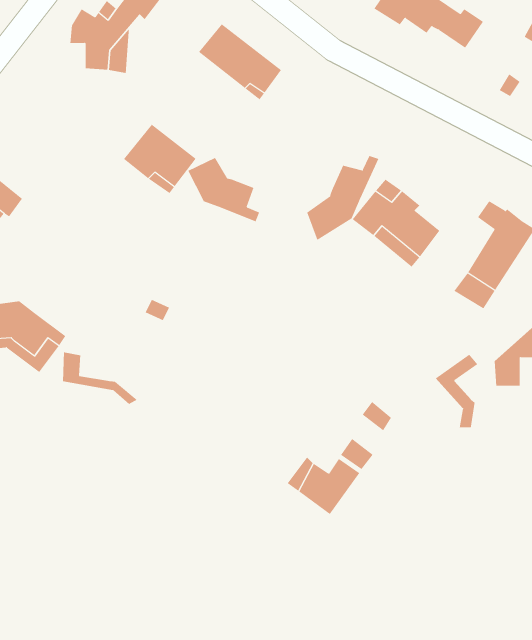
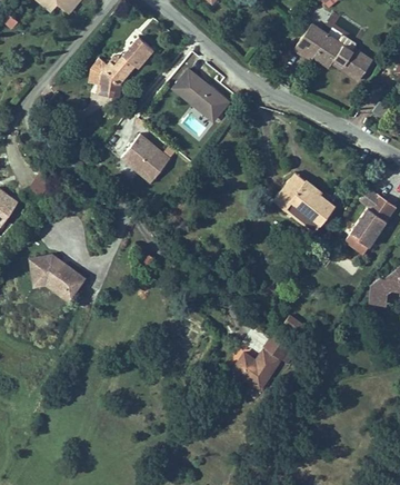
building: [307,155,379,241] -> none
building: [188,157,260,222] -> none
building: [62,351,138,405] -> none
building: [435,354,478,428] -> none

